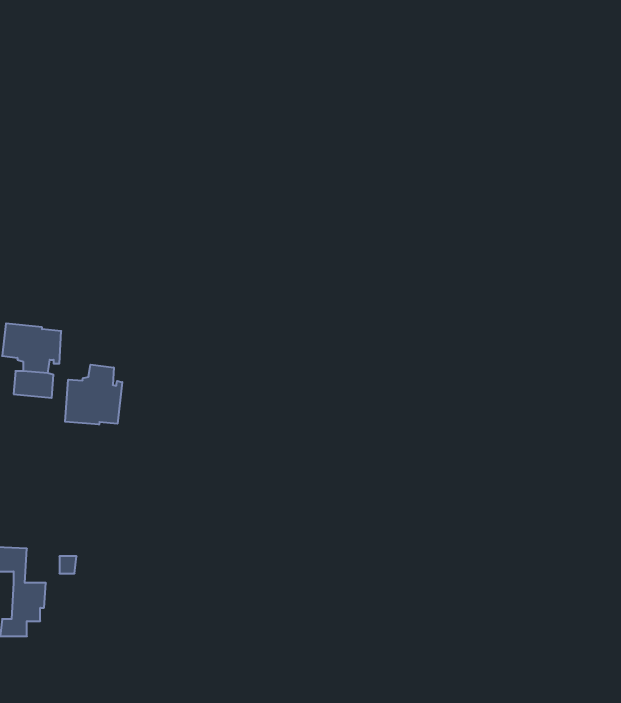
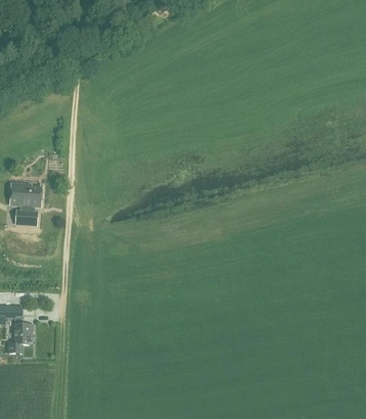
building: [65,365,122,425] -> none

